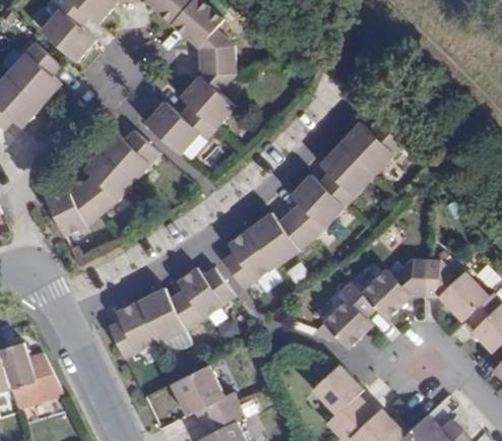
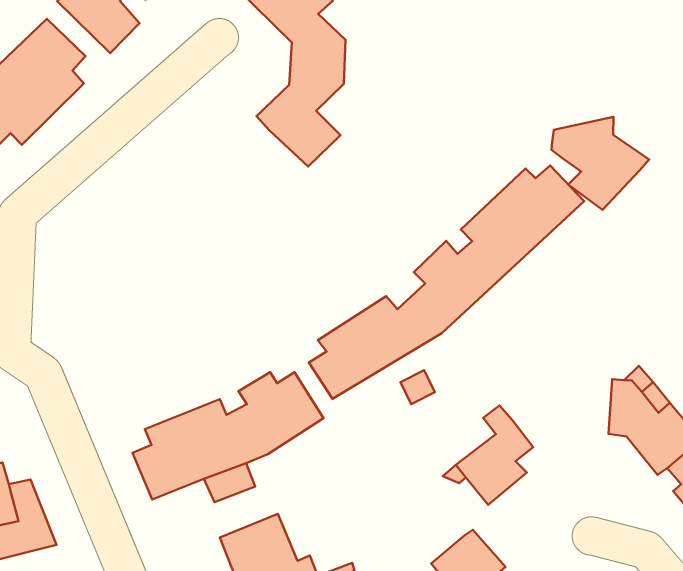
building: none -> [551,117,649,210]
building: [144,104,213,156] -> none
building: [43,130,159,239] -> none
building: [361,259,426,318] -> none

